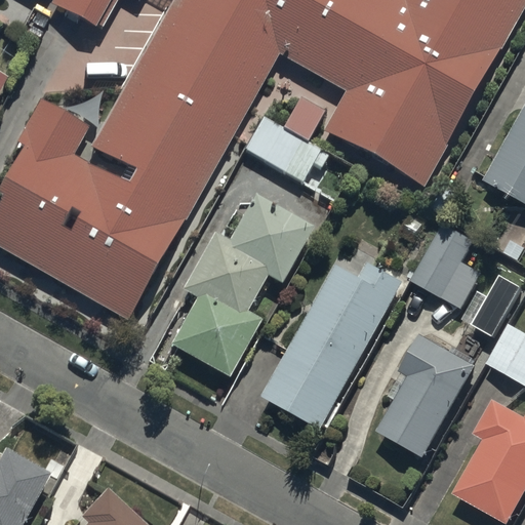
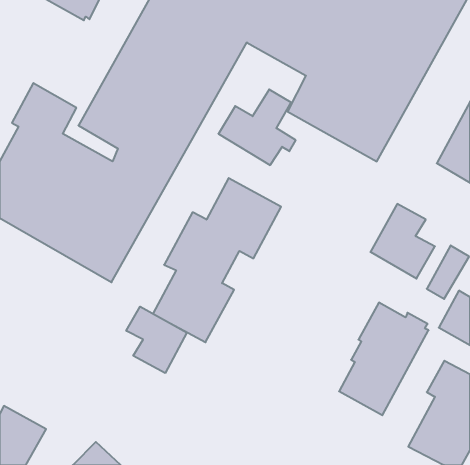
building: [266,262,404,431] -> none
building: none -> [126,307,187,373]

